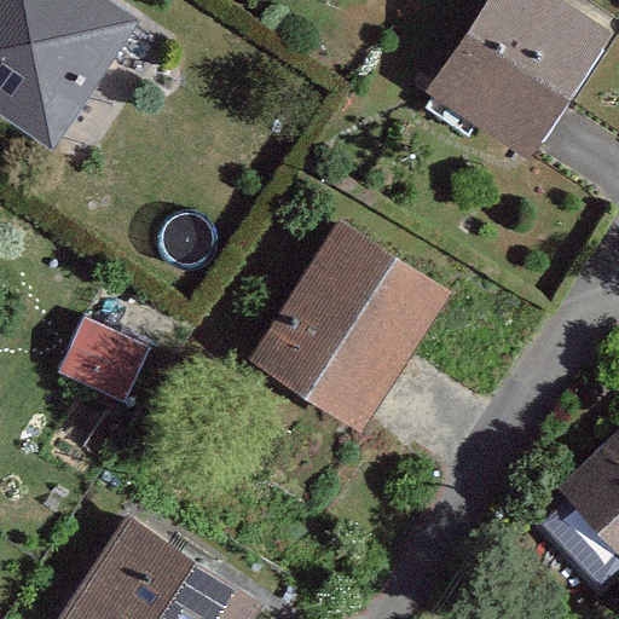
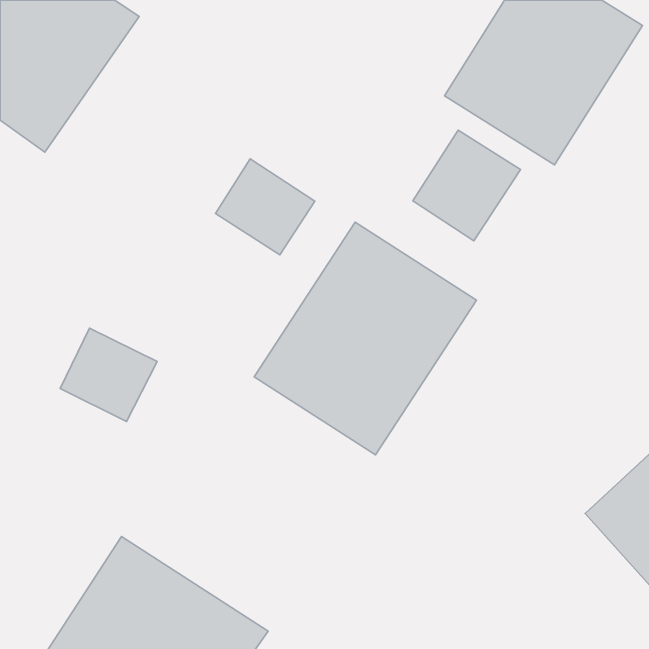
building: none -> [413,130,520,241]
building: none -> [216,159,315,255]

